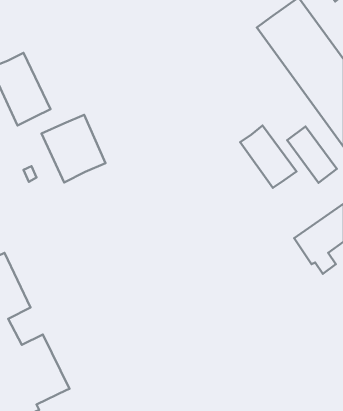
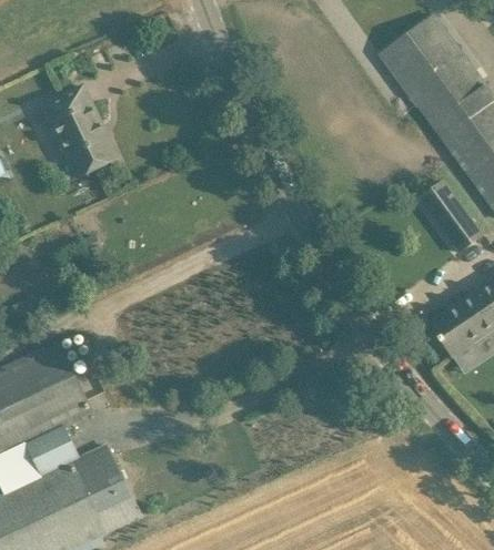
building: [42,115,105,183] -> none
building: [240,125,296,188] -> none

